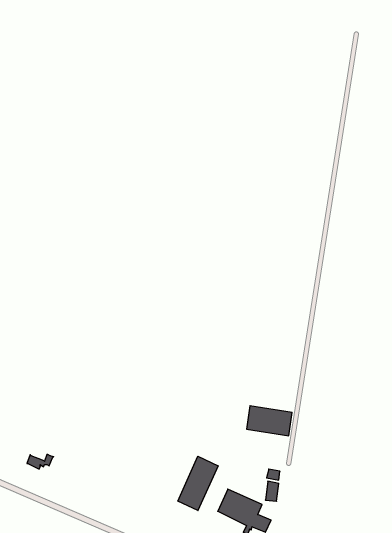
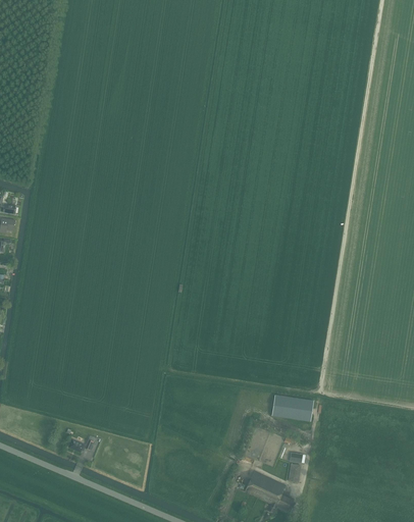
building: [178,456,218,511] -> none

